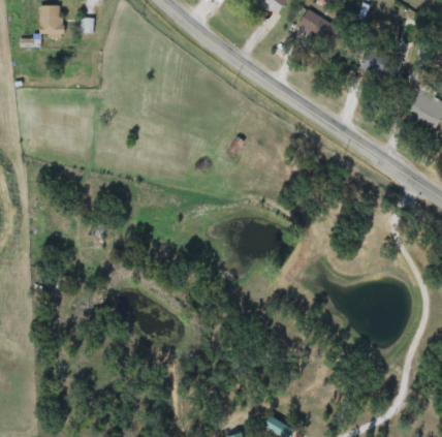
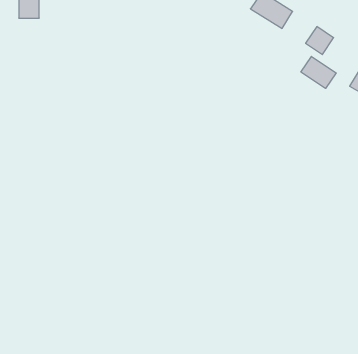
building: none -> [301,56,336,88]

